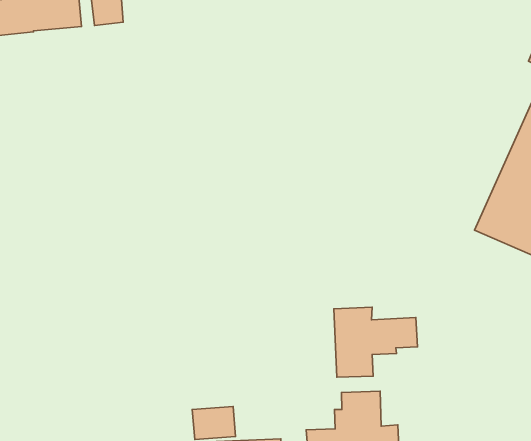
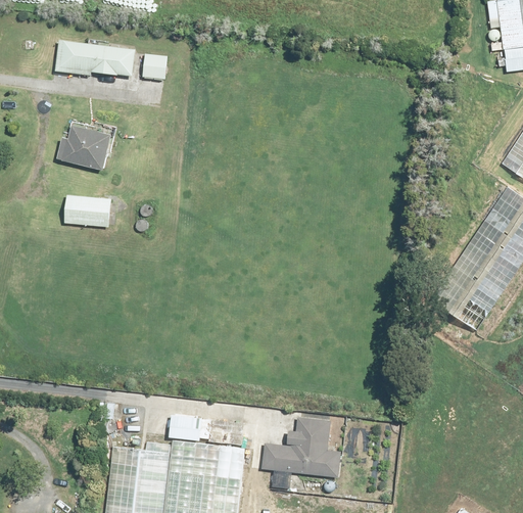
building: none -> [53,119,111,168]
building: none -> [64,197,113,231]
building: [334,307,417,377] -> none

